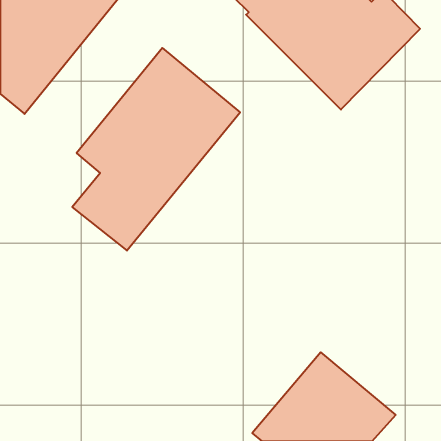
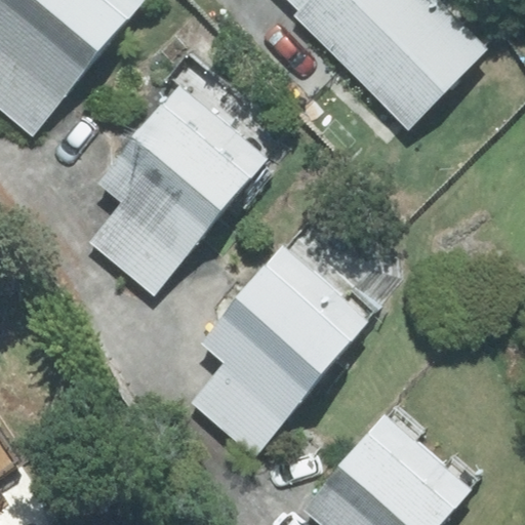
building: none -> [191,245,370,458]

